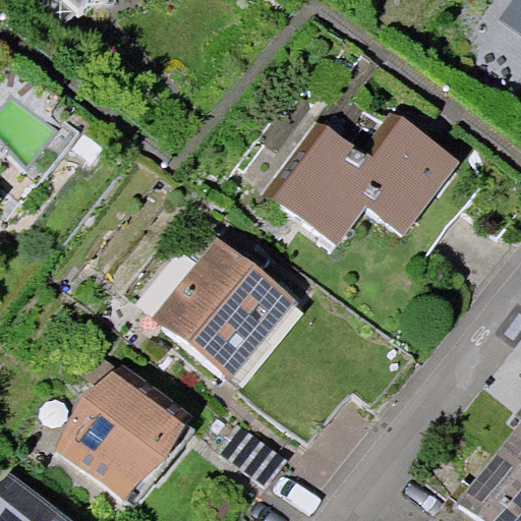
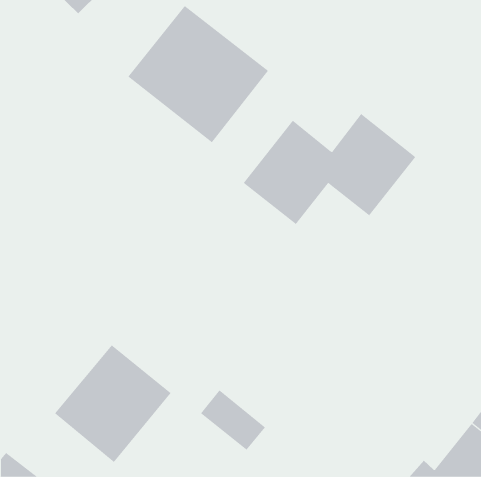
building: none -> [127,5,269,143]
building: [163,232,289,372] -> none

